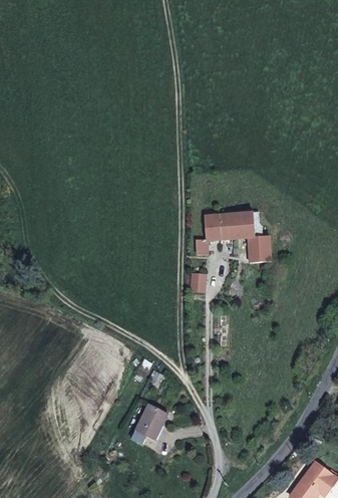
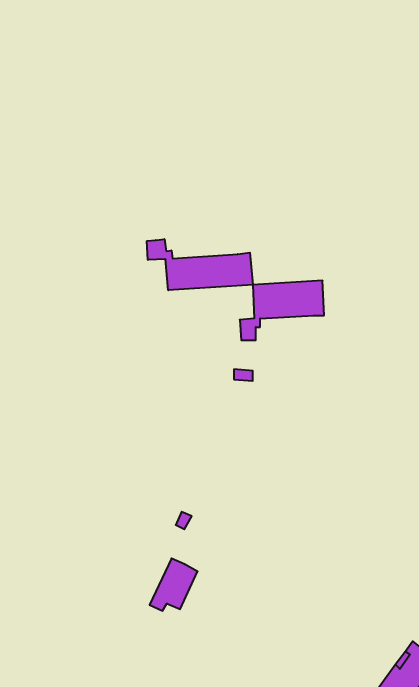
building: none -> [147,239,253,290]
building: [247,236,270,262] -> none

